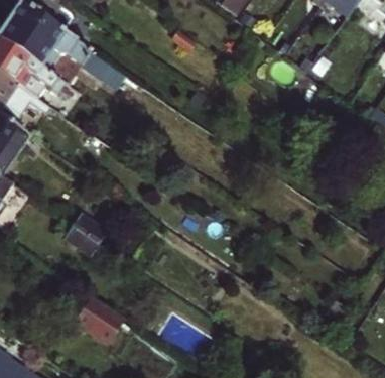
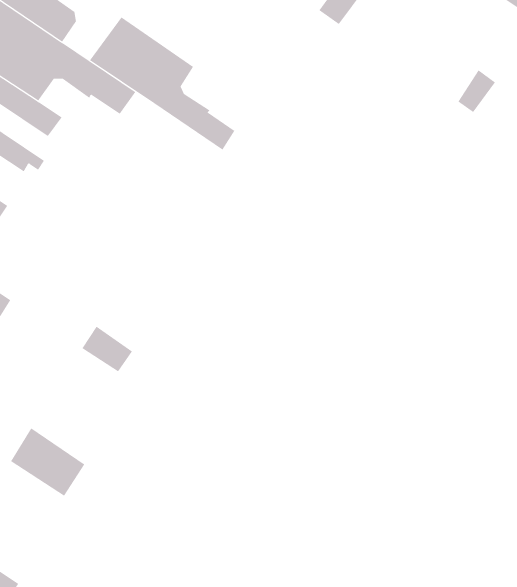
building: none -> [89,16,235,150]
building: [76,295,123,339] -> [10,428,85,496]

